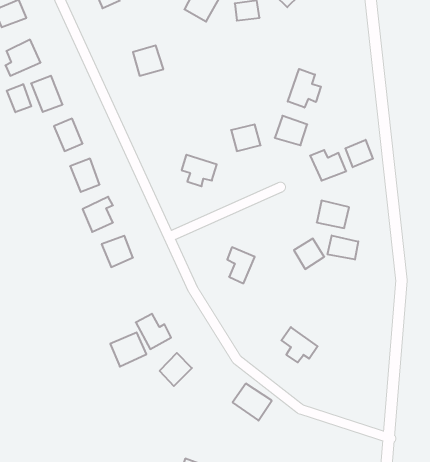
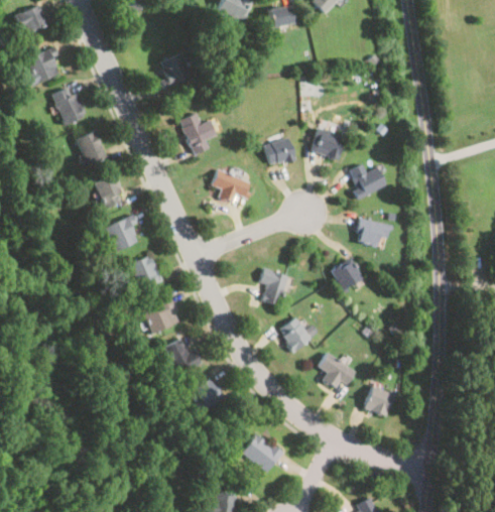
building: [288,69,321,108] -> none
building: [7,84,31,112] -> none
building: none -> [178,112,215,154]
building: [345,140,373,167] -> none
building: [328,235,358,260] -> none
building: none -> [278,316,319,351]
building: [110,332,146,367] -> [141,297,179,334]
building: none -> [364,384,394,416]
building: [233,384,272,421] -> [241,433,282,473]

